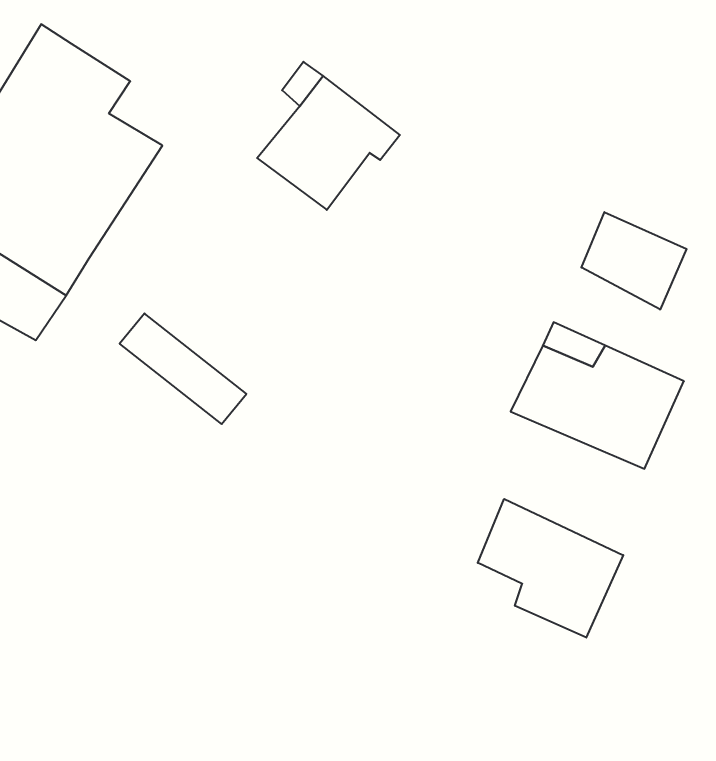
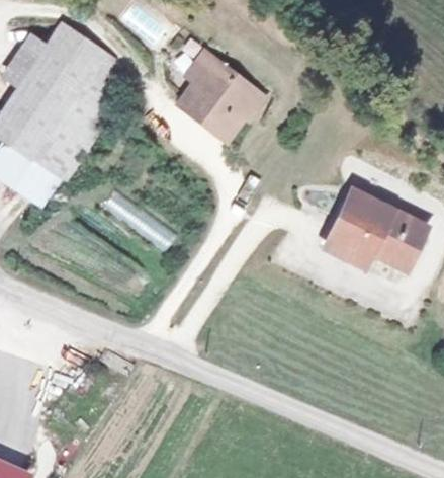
building: [581,212,687,310] -> none
building: [478,499,623,638] -> none

